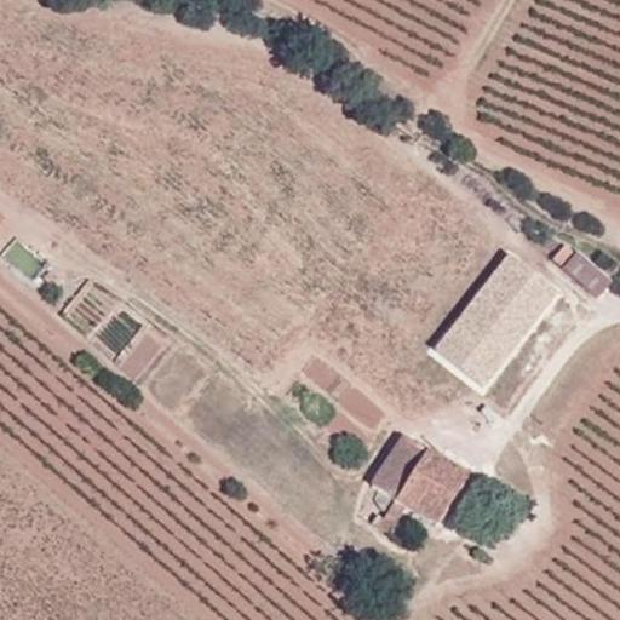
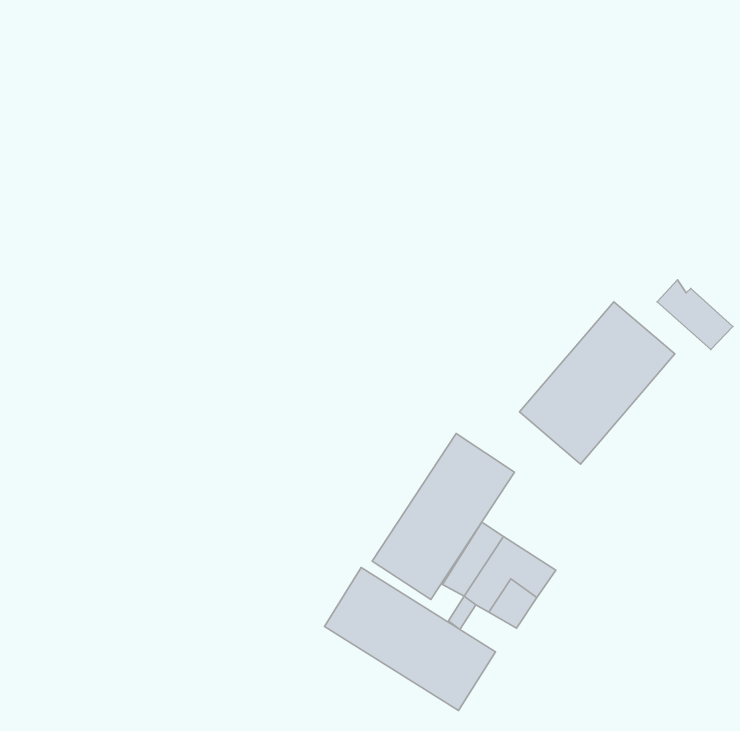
building: none -> [372,434,515,600]
building: none -> [324,568,495,711]

